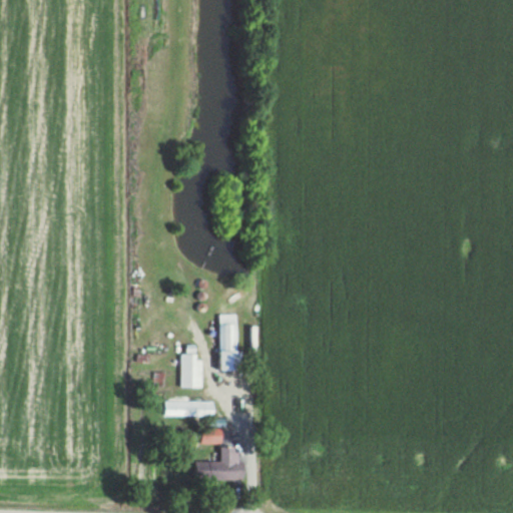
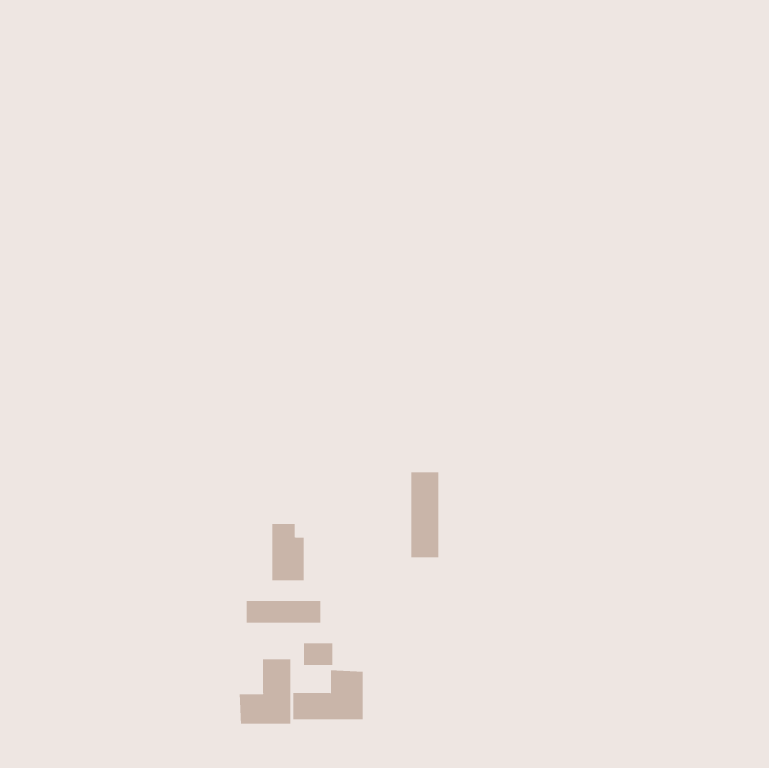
building: [219,315,238,372] -> [411,472,439,558]
building: none -> [239,658,291,725]

